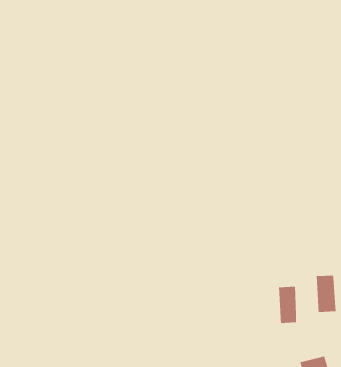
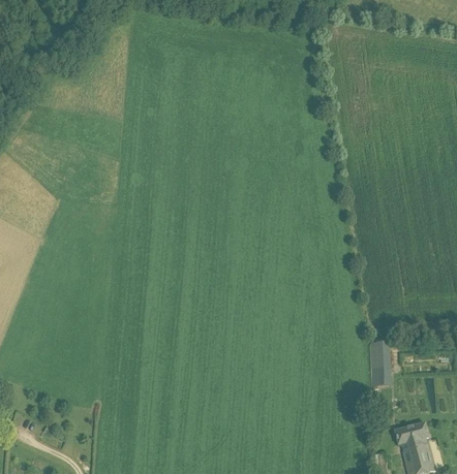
building: [316,275,336,313] -> none

